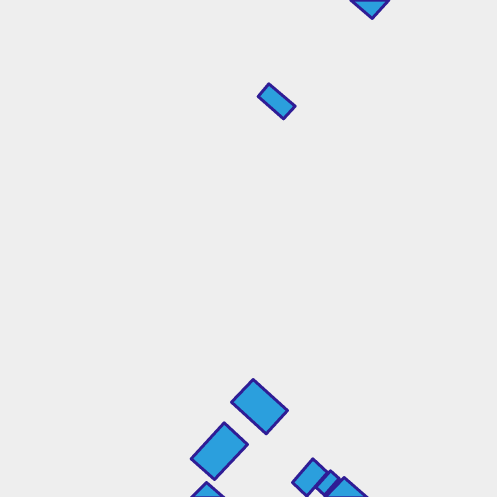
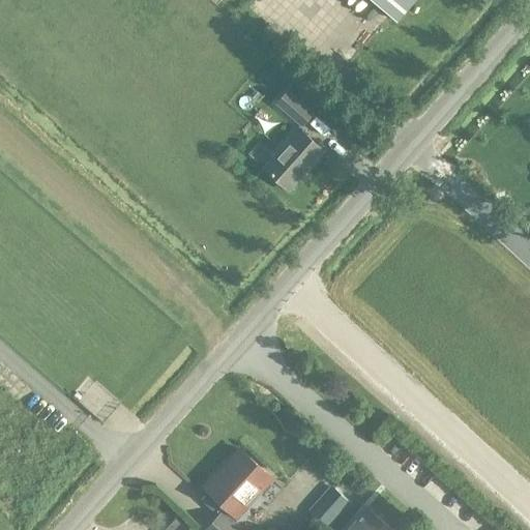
building: none -> [262,128,323,190]
building: [231,380,288,434] -> none

